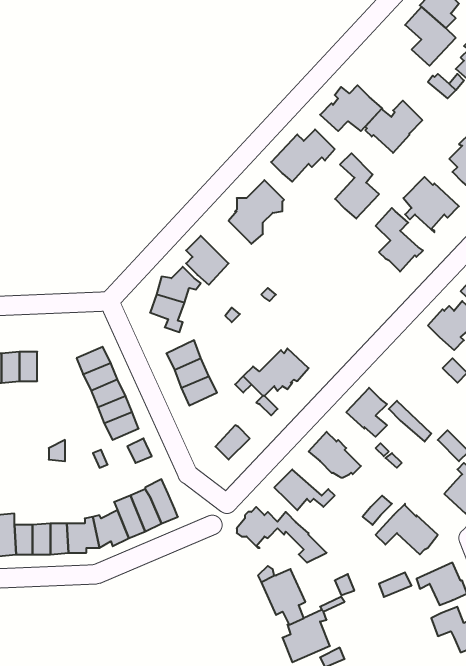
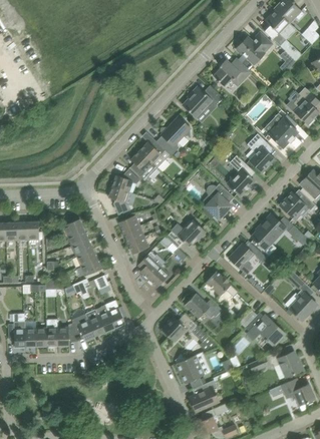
building: [365,101,422,153] -> [237,32,272,64]
building: [335,153,379,219] -> [227,155,254,195]
building: none -> [139,140,170,167]
building: none -> [206,183,234,218]
building: none -> [251,213,286,249]
building: none -> [139,252,165,280]

